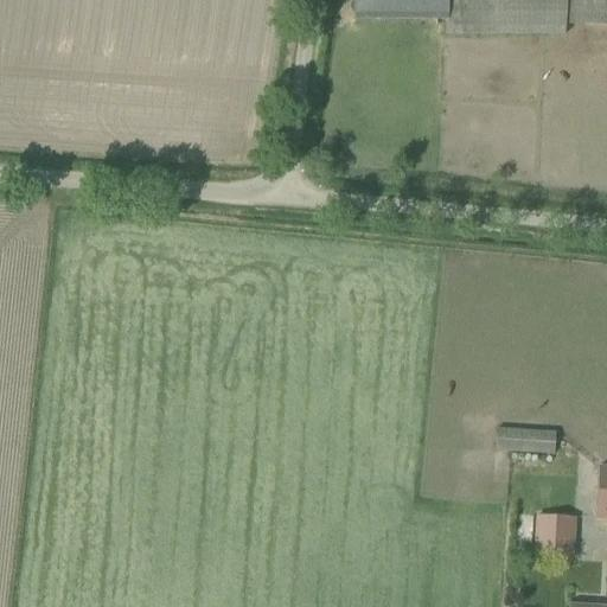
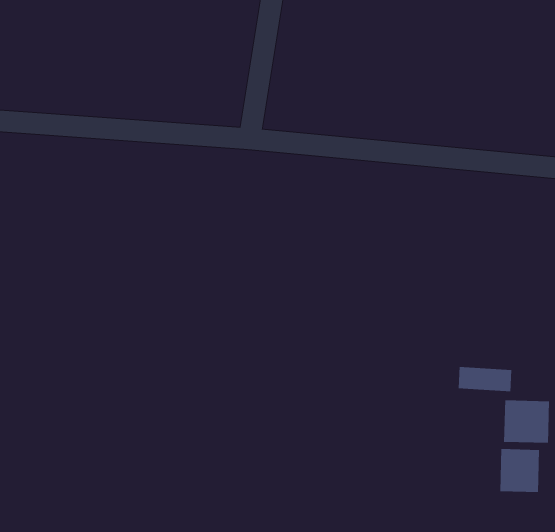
building: none -> [504,400,550,444]

